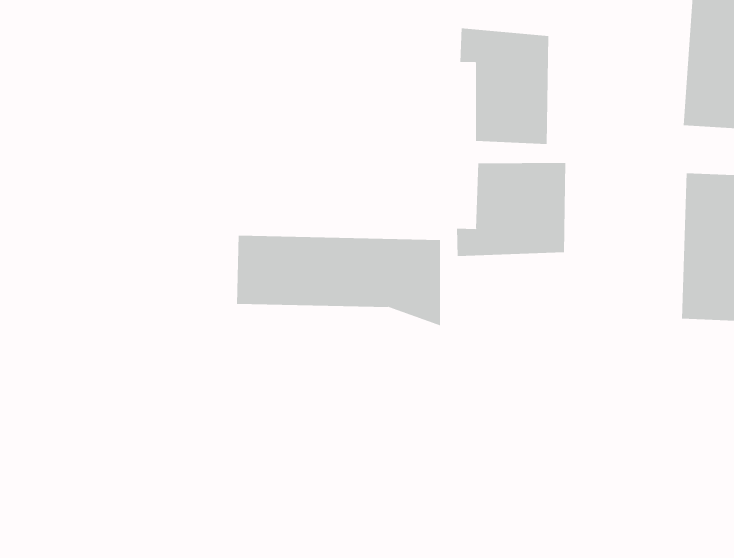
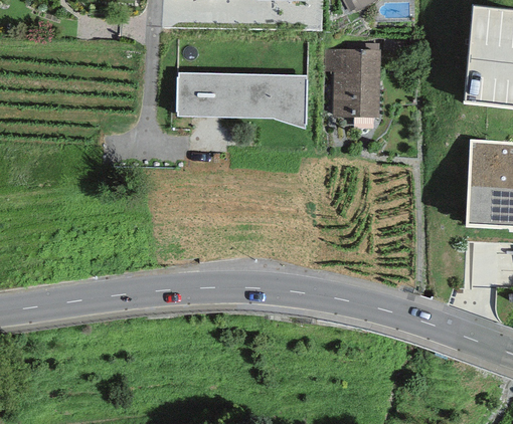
building: [456,162,566,257] -> none
building: [236,235,441,326] -> [176,71,307,130]

